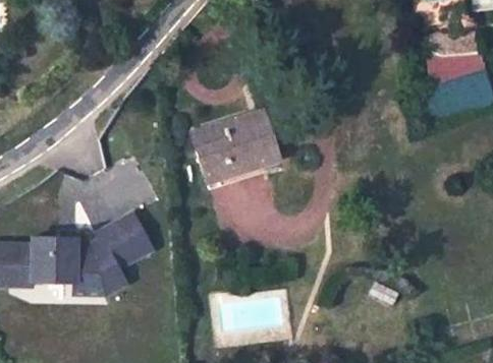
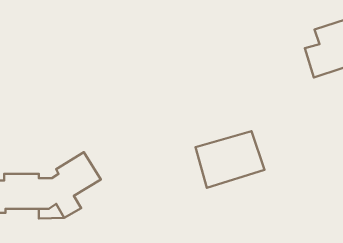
building: [191,109,278,180] -> [195,131,264,188]

